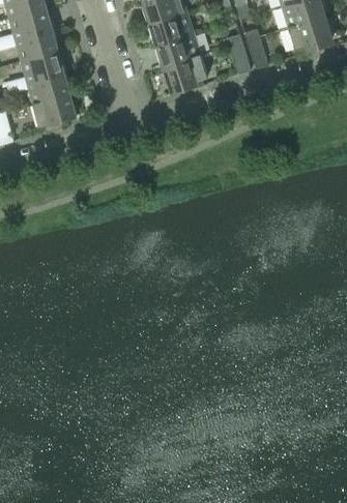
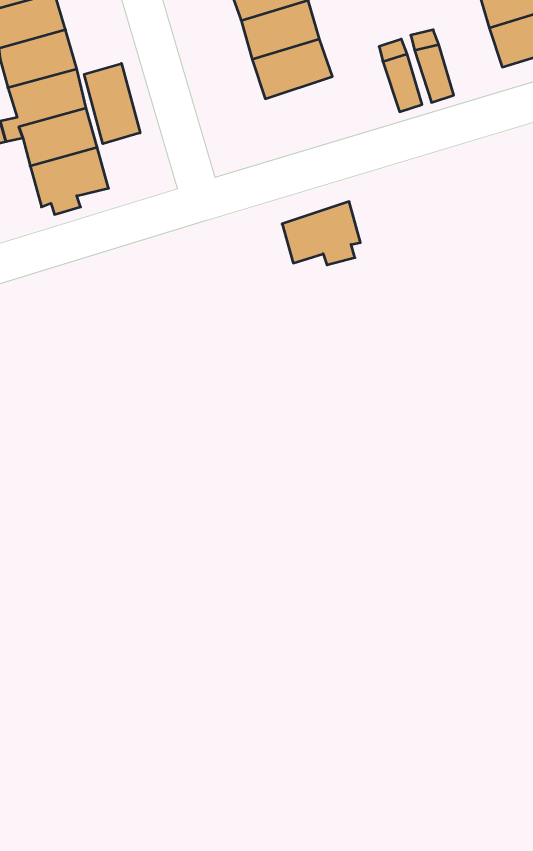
building: none -> [84,63,140,144]
building: [163,54,206,89] -> [282,202,360,265]

